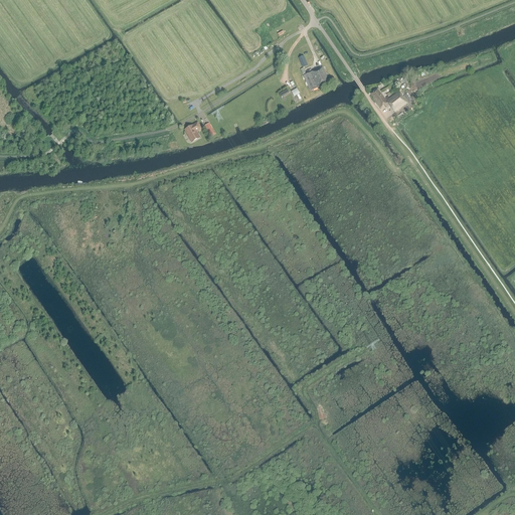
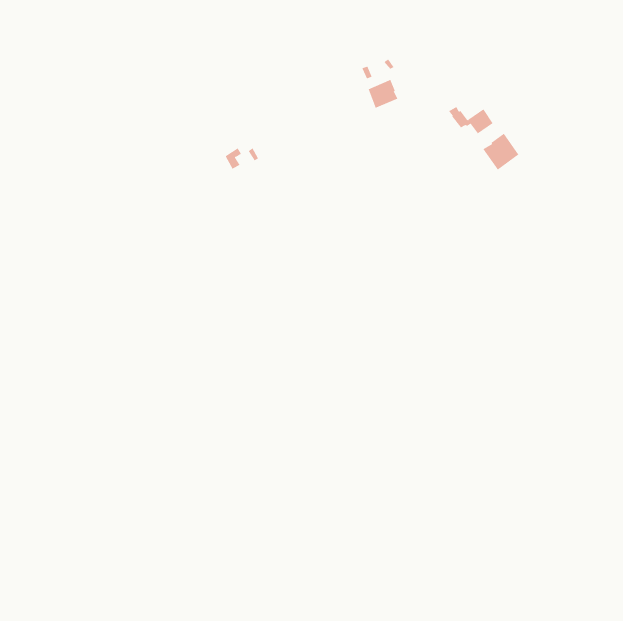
building: none -> [483,133,519,171]

